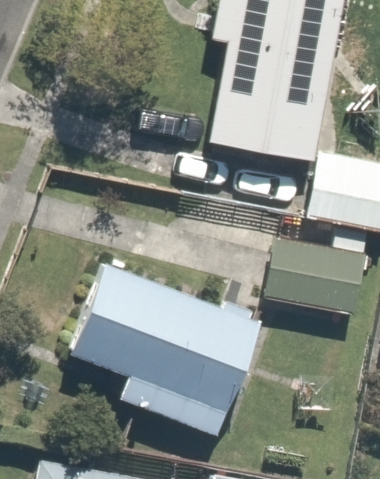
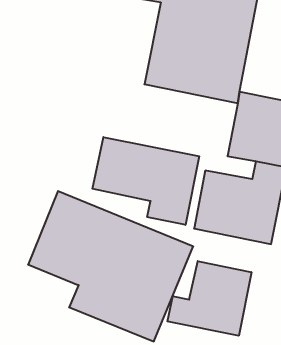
building: none -> [92,137,199,225]
building: none -> [167,261,251,336]

